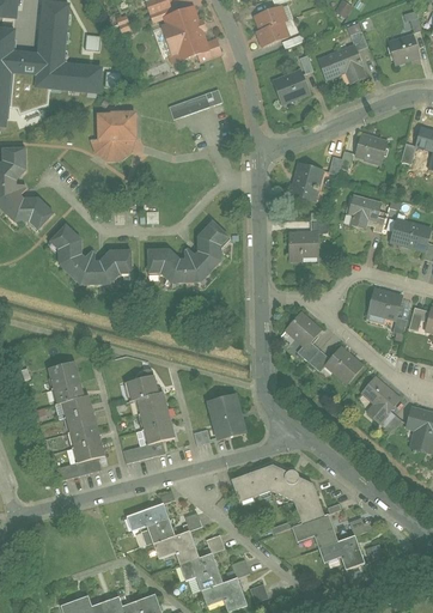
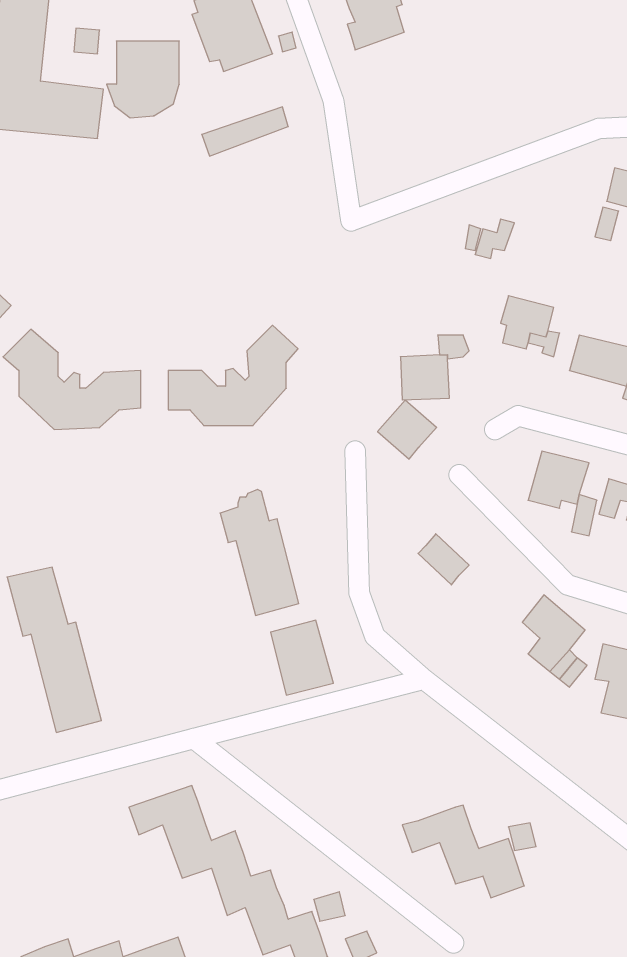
building: [386,30,417,61] -> none
building: [317,42,366,81] -> none
building: [272,66,309,101] -> none
building: [90,110,134,157] -> [107,41,179,118]
building: [354,131,385,159] -> none
building: [288,158,322,196] -> none
building: [285,317,321,353] -> [378,400,437,459]
building: [324,352,364,390] -> none
building: [128,372,176,449] -> [220,489,299,615]
building: [228,462,322,521] -> none

